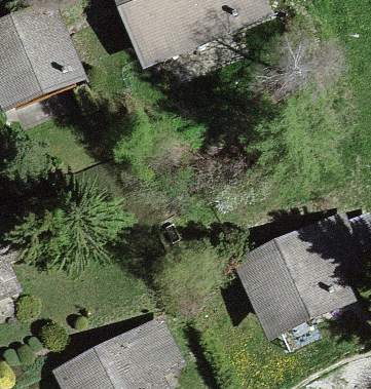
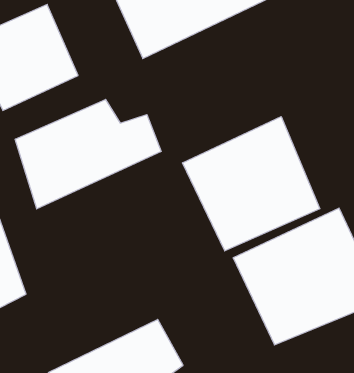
building: none -> [15,99,161,209]
building: none -> [183,117,320,251]

